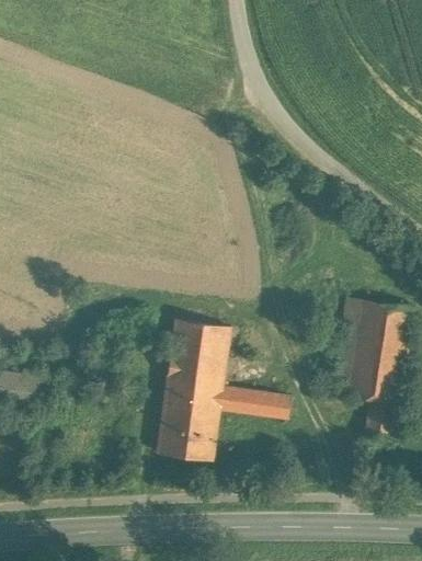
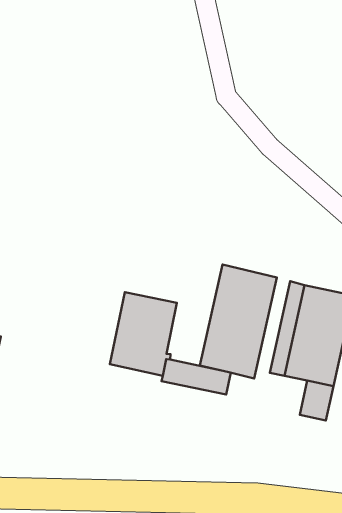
building: none -> [200,265,277,378]
building: [157,396,220,460] -> none

